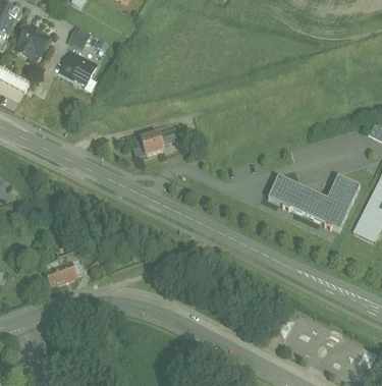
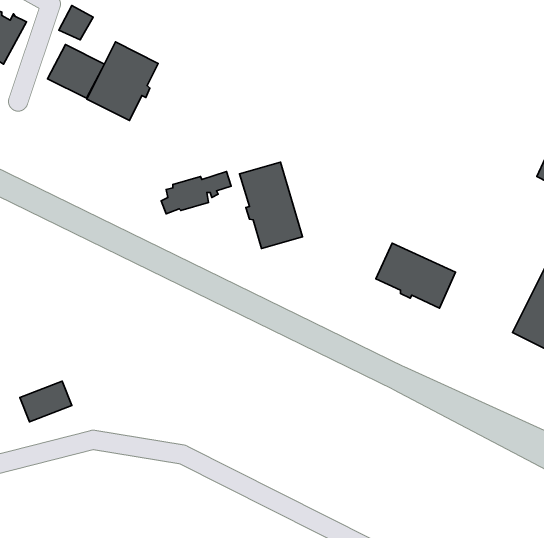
building: none -> [87,42,158,121]
building: none -> [240,162,302,249]
building: [307,174,360,229] -> none

